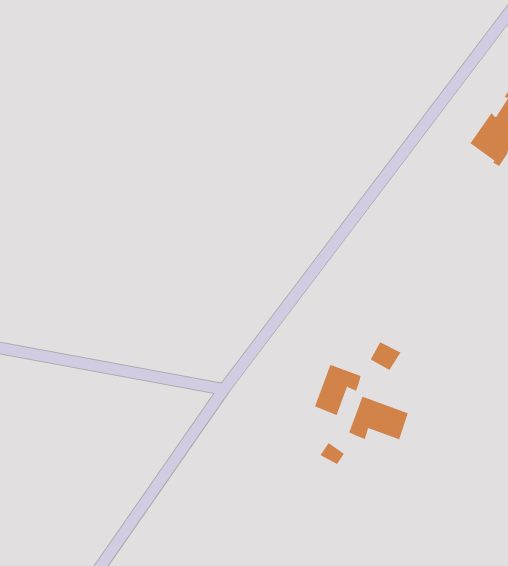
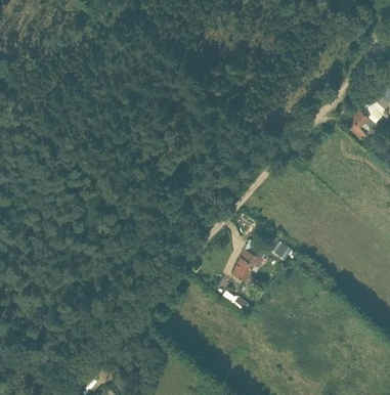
building: [348,396,409,440] -> none

